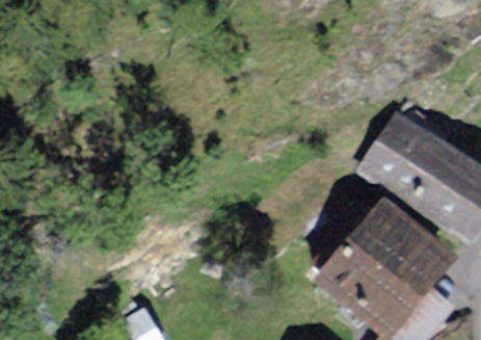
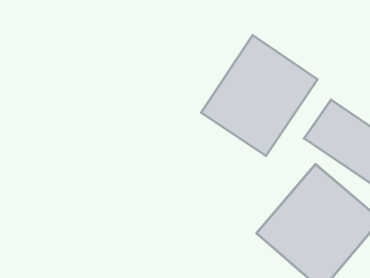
building: none -> [201,35,317,156]

